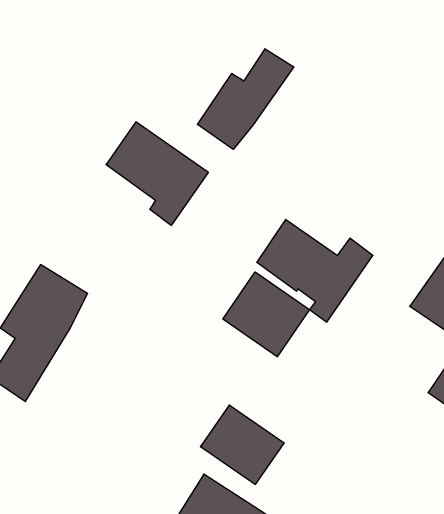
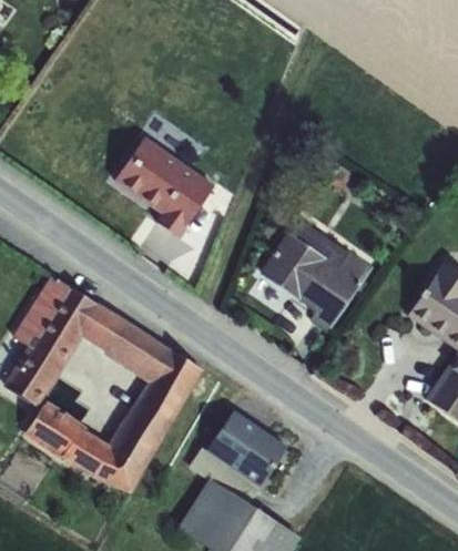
building: [197,49,294,149] -> none
building: [223,272,310,357] -> none
building: none -> [24,303,203,492]

